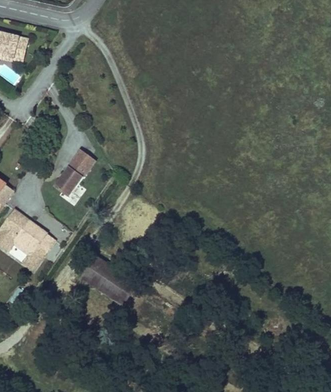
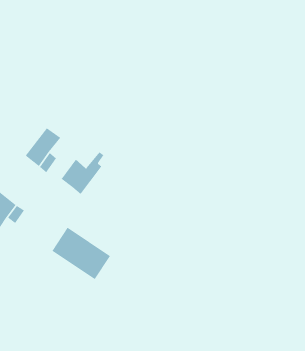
building: none -> [61,151,104,195]

